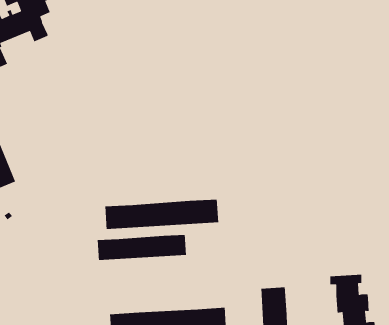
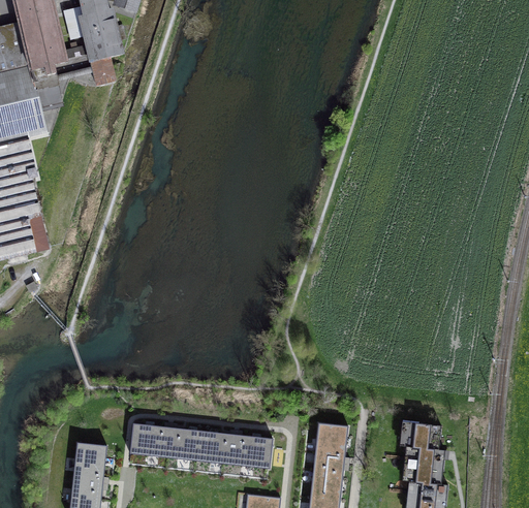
building: [104,199,219,230] -> none
building: [97,234,187,261] -> none

